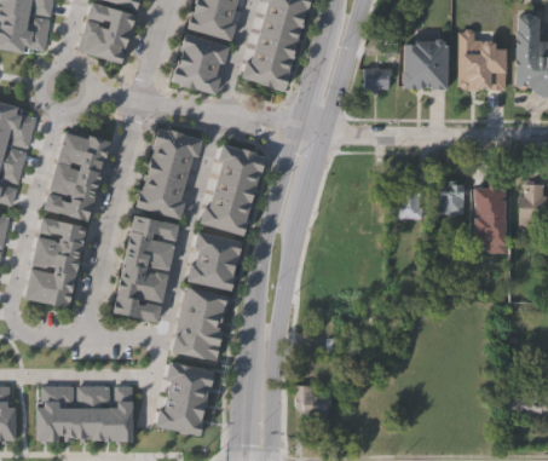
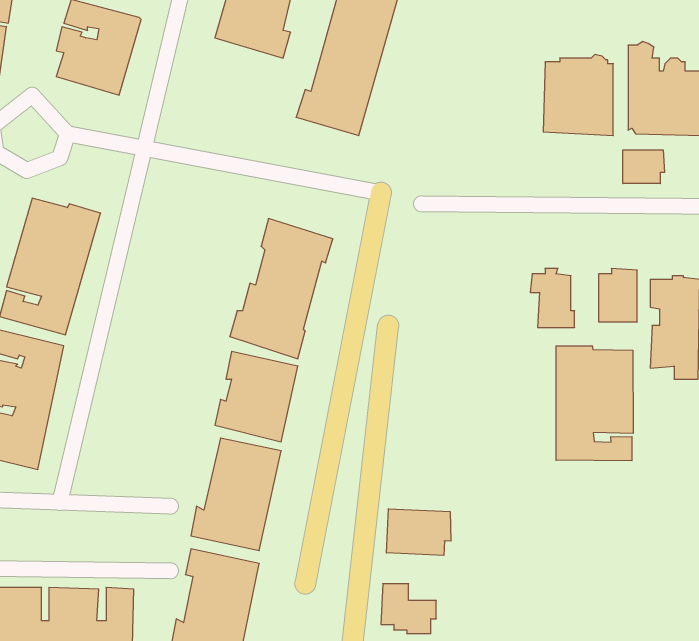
building: [172,35,229,96] -> none
building: [365,68,392,93] -> none
building: none -> [623,150,665,184]
building: [134,128,201,217] -> none
building: [110,215,179,324] -> none
building: none -> [556,346,633,461]
building: none -> [386,509,451,555]

